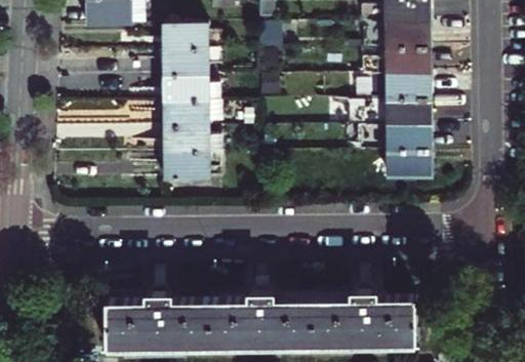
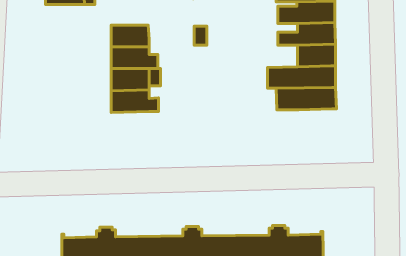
building: [163,27,208,52] -> none
building: [387,152,432,178] -> none
building: [164,155,210,182] -> none

